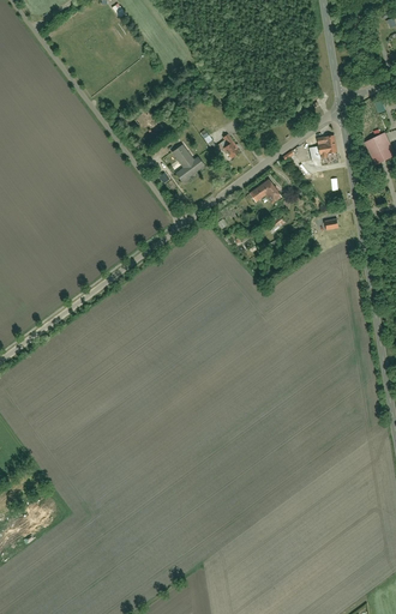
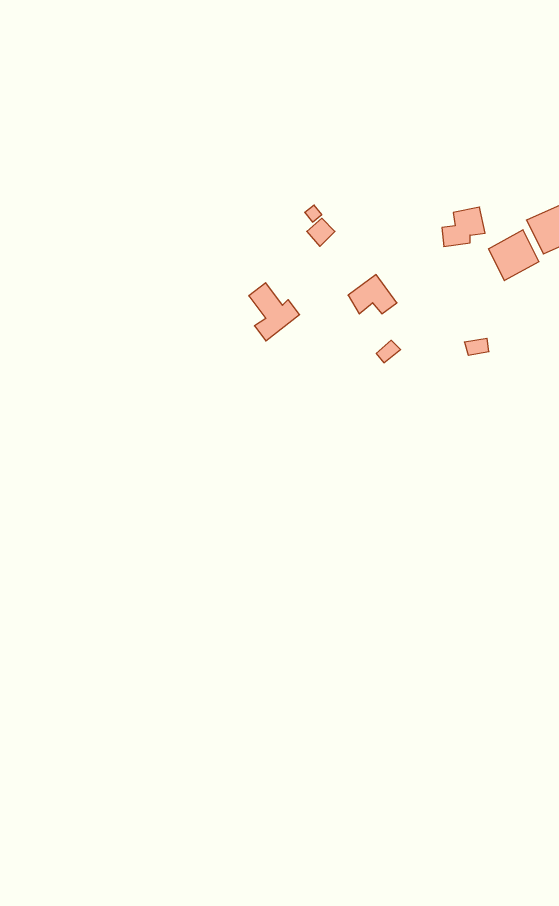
building: [172,144,204,181] -> [249,283,300,341]
building: none -> [489,230,539,281]

